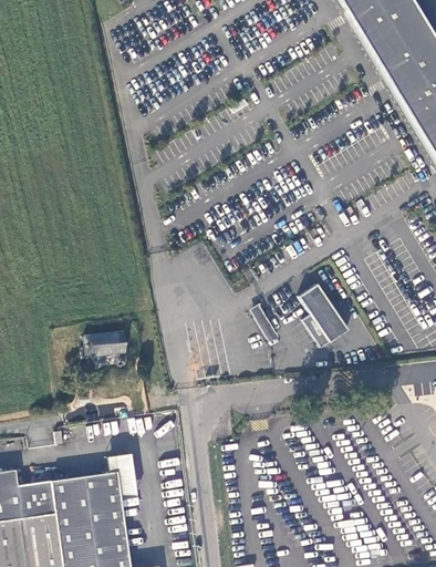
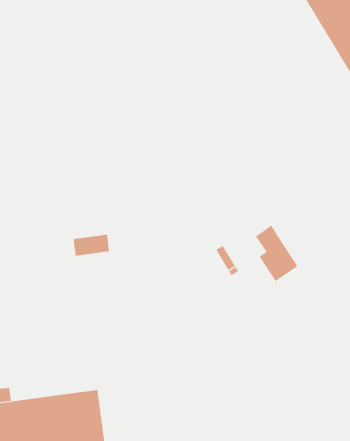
building: [85,330,127,355] -> [73,234,110,256]
building: [107,454,137,498] -> none

